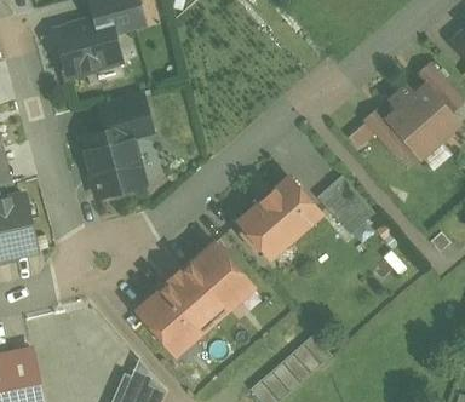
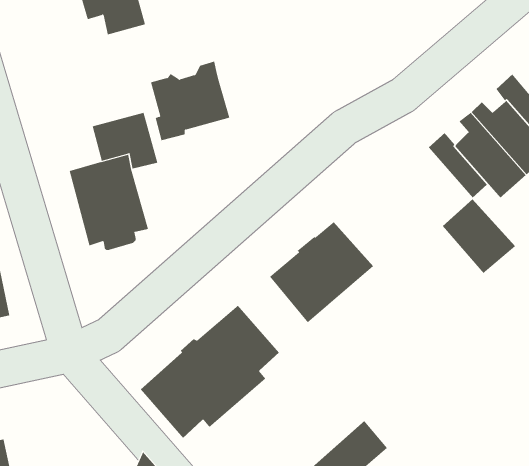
building: [57,16,120,79] -> [150,61,230,141]
building: [317,176,375,235] -> [442,198,516,274]

